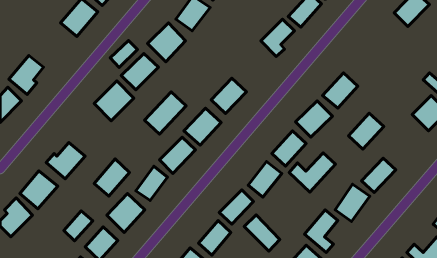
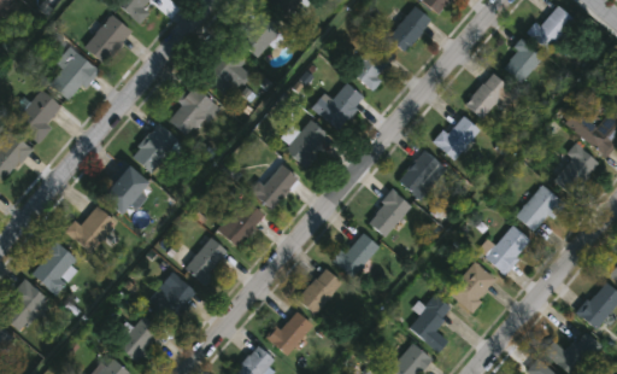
building: none -> [500,41,541,82]
building: none -> [49,51,99,100]
building: [110,40,137,68] -> none
building: none -> [463,72,509,118]
building: none -> [319,82,364,129]
building: [145,92,186,134] -> none
building: [348,113,384,149] -> [516,185,563,233]
building: [289,153,336,192] -> none
building: [94,159,130,196] -> [99,164,146,214]
building: [64,211,93,241] -> none
building: [244,215,280,251] -> none

